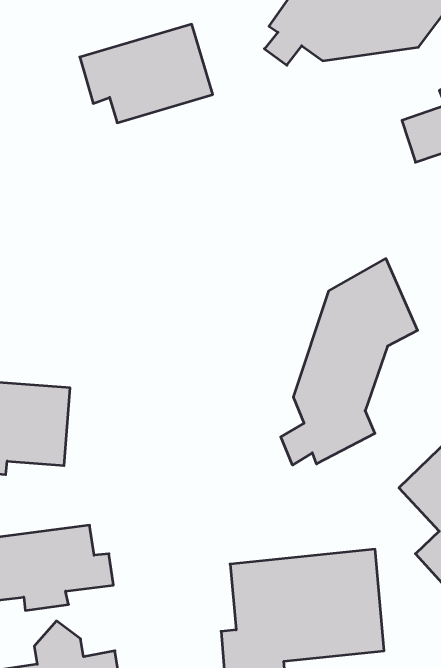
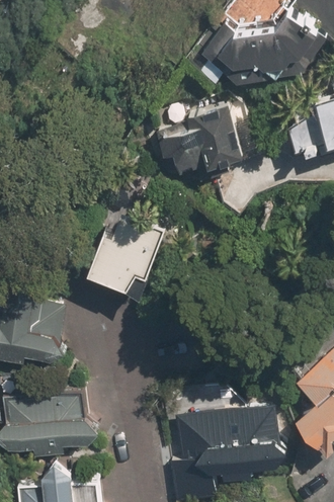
building: [80,24,213,123] -> [153,107,243,174]
building: none -> [91,201,170,289]
building: [281,259,418,465] -> none

